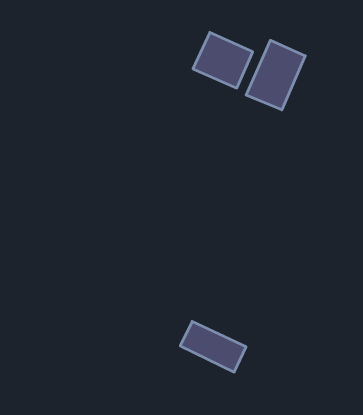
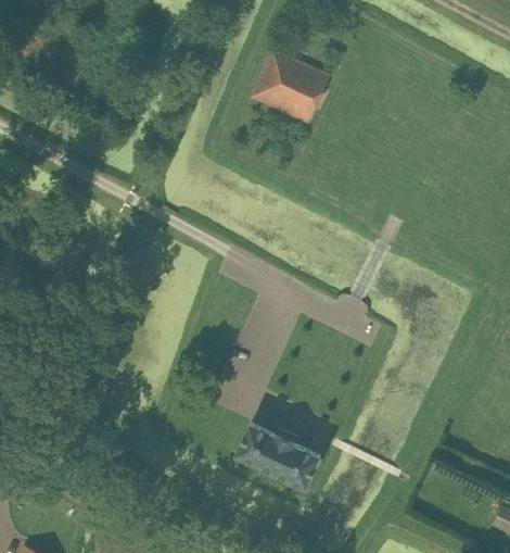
building: [246,40,305,110] -> none

